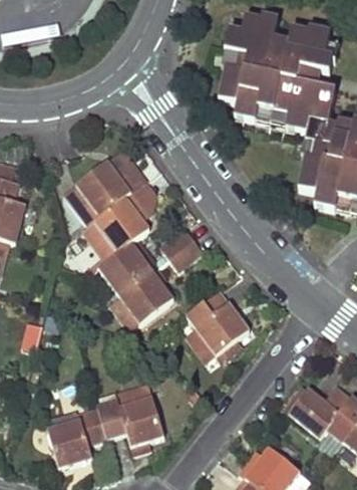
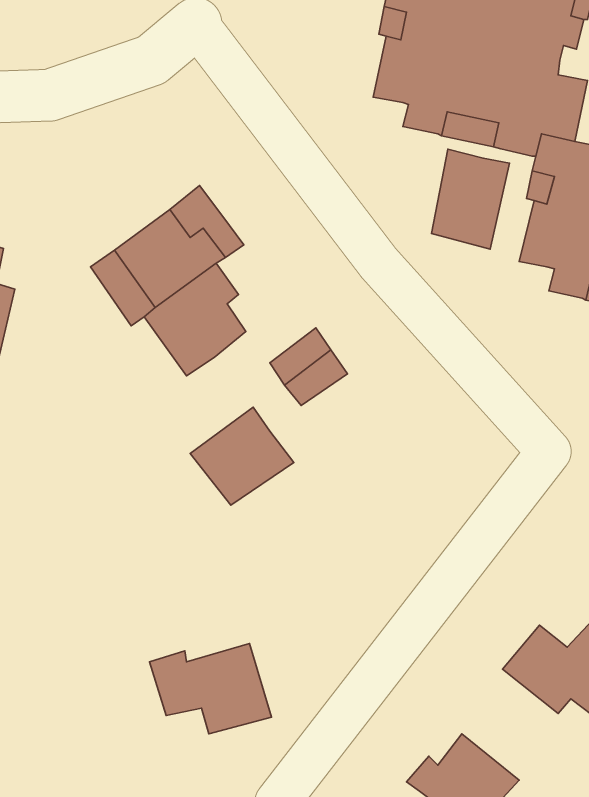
building: none -> [432,149,510,249]
building: [98,241,153,293] -> none
building: [188,290,249,351] -> none
building: [47,407,106,467] -> none

